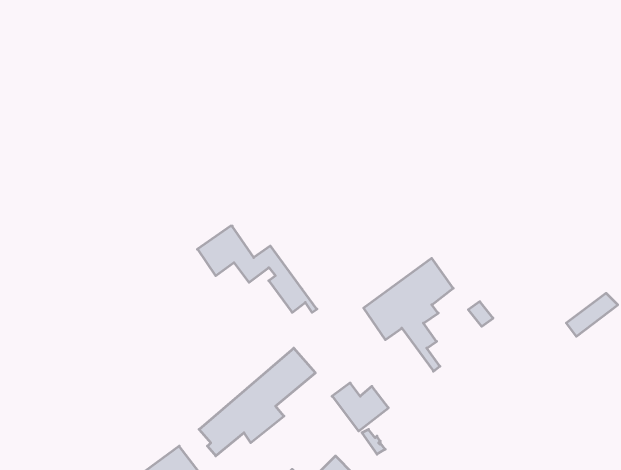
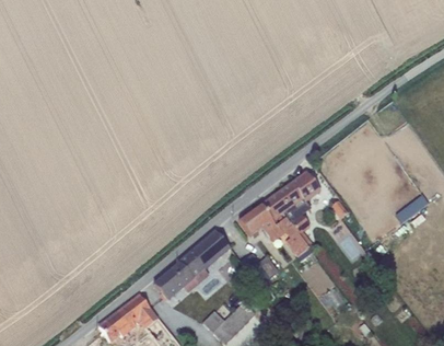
building: [197,226,317,312] -> [238,204,317,261]

